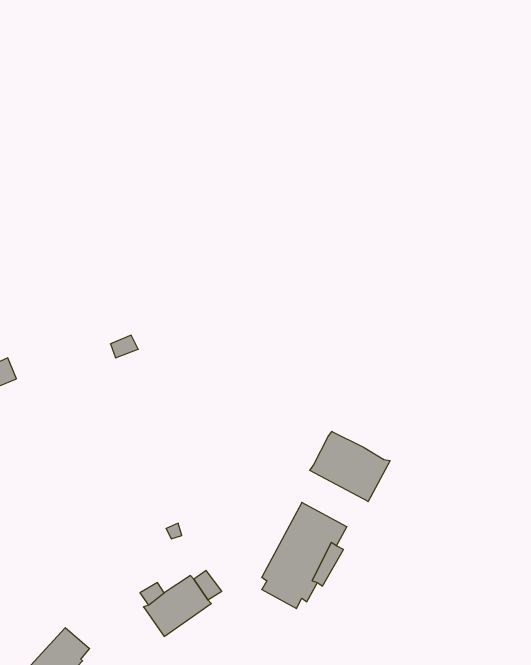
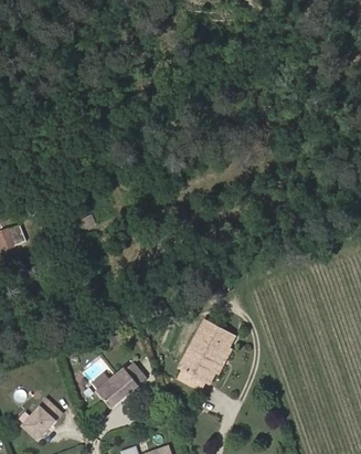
building: [310,431,390,502] -> none

